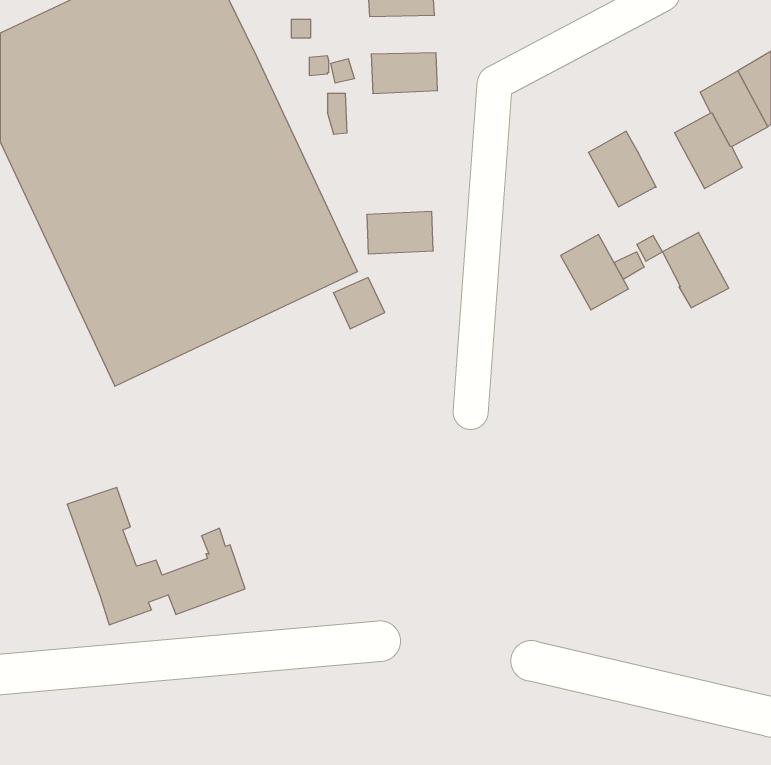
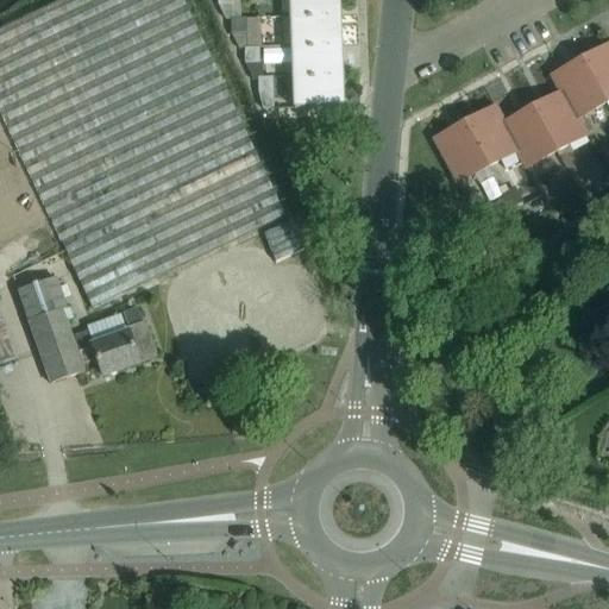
building: none -> [291,12,344,43]
building: [367,212,433,254] -> [294,71,346,105]
building: [662,232,729,308] -> [503,105,555,164]
building: [561,235,629,310] -> [434,120,488,180]
building: [67,488,245,625] -> [17,272,157,381]

